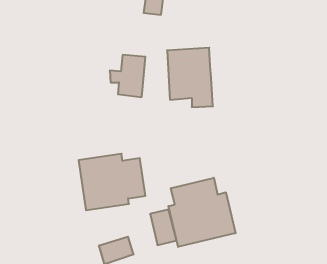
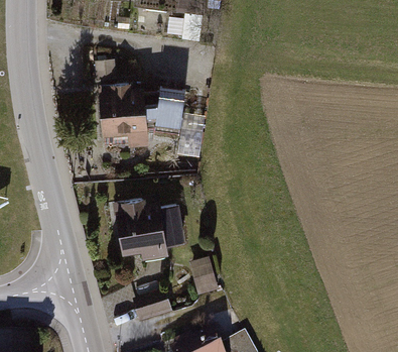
building: [167,48,213,107] -> [98,84,148,149]
building: [168,178,236,247] -> none

